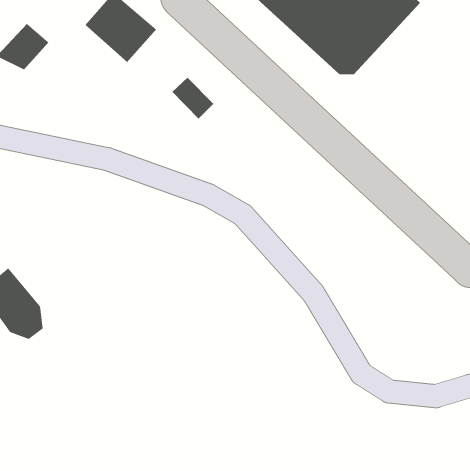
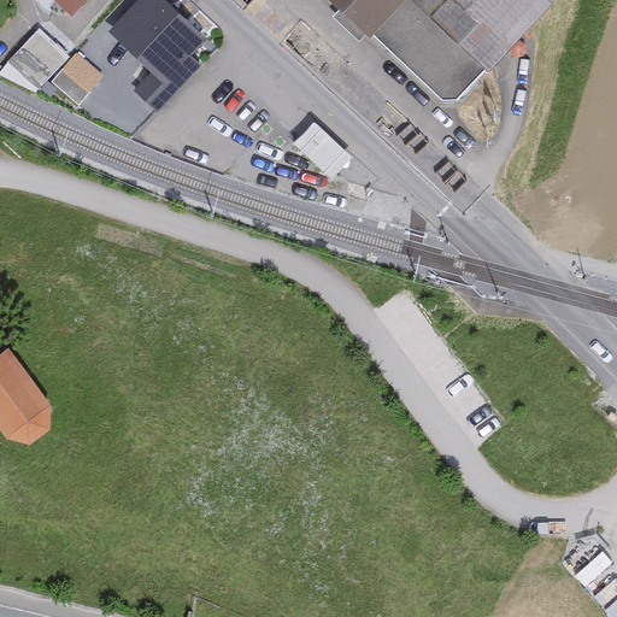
building: none -> [48,53,98,102]
building: [172,77,214,119] -> [293,123,348,178]

